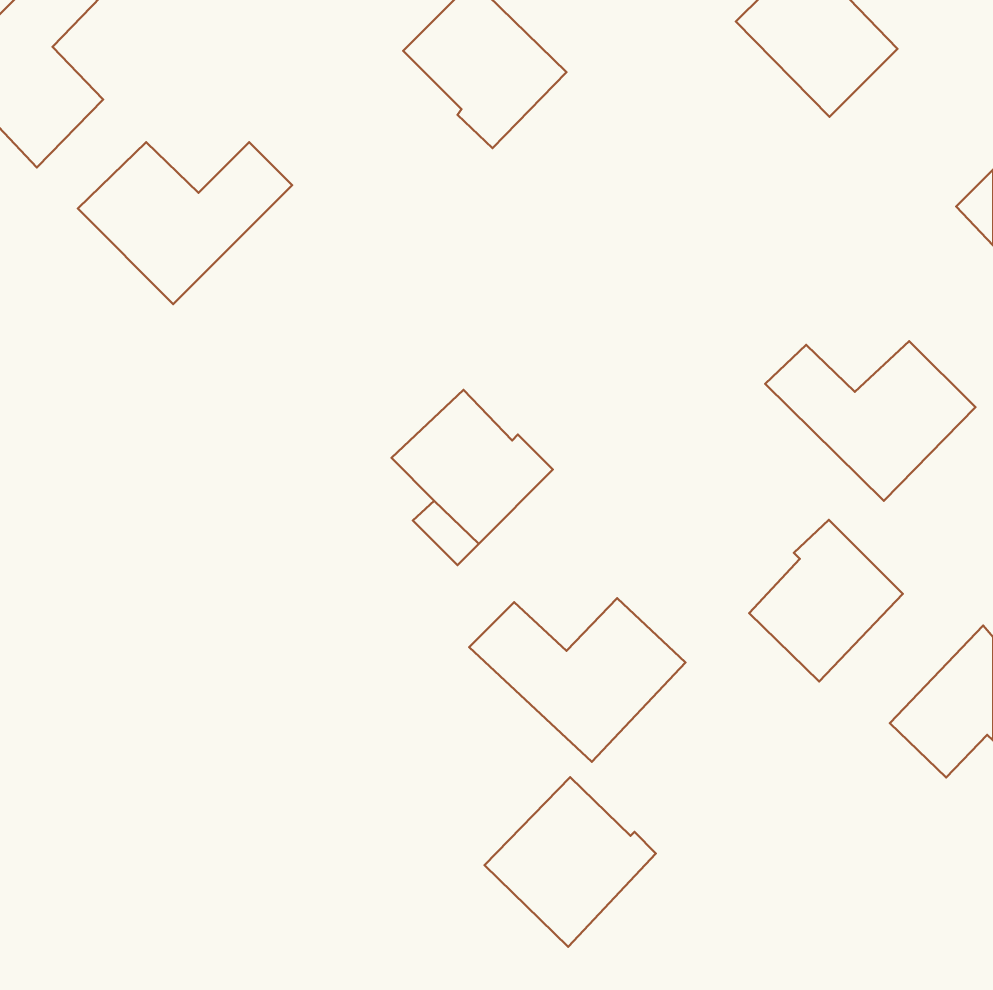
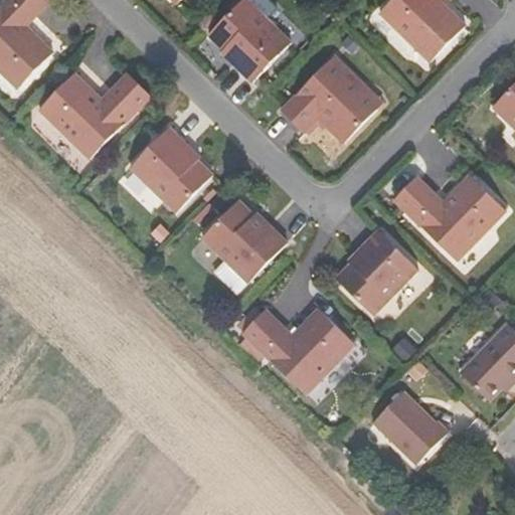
building: none -> [285,55,382,138]
building: none -> [130,128,215,214]
building: [749,520,903,681] -> [337,230,416,314]
building: [484,777,656,947] -> [359,391,448,479]

